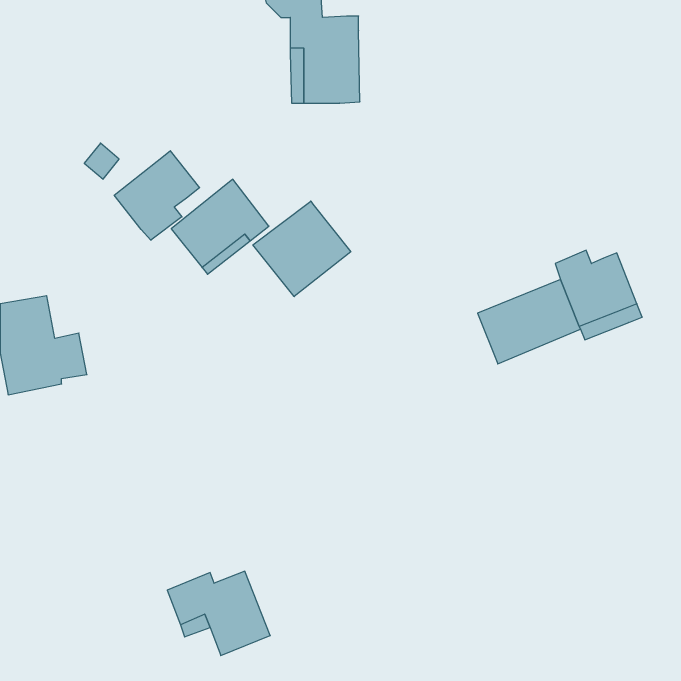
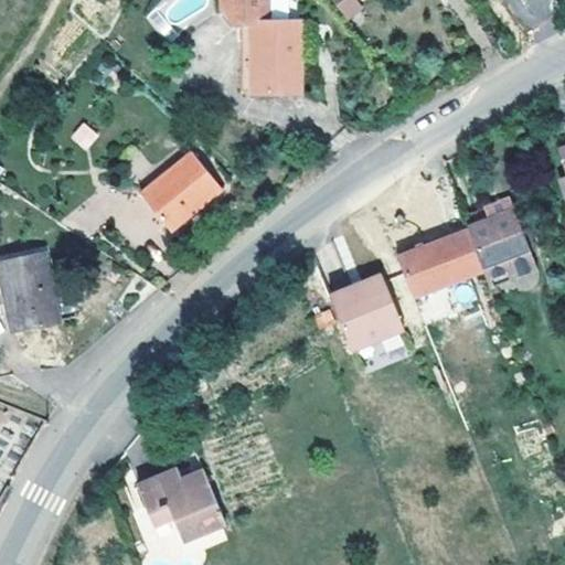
building: [114,151,200,240] -> none
building: [253,201,351,297] -> none
building: none -> [329,277,403,352]

